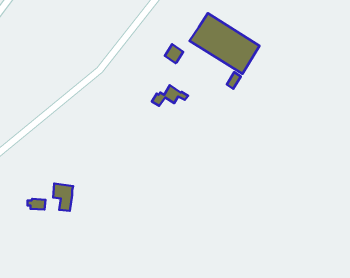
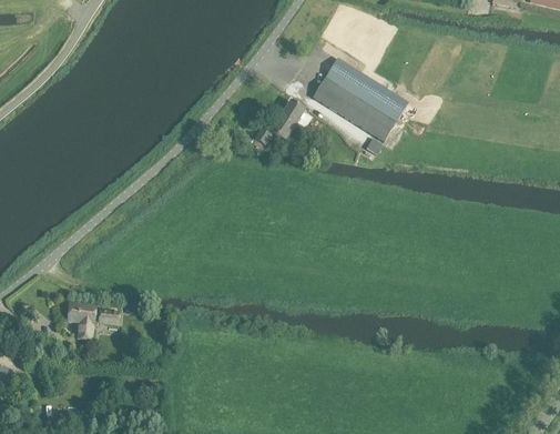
building: [152,85,188,106] -> [254,115,303,143]
building: [53,184,73,211] -> [68,302,94,339]

